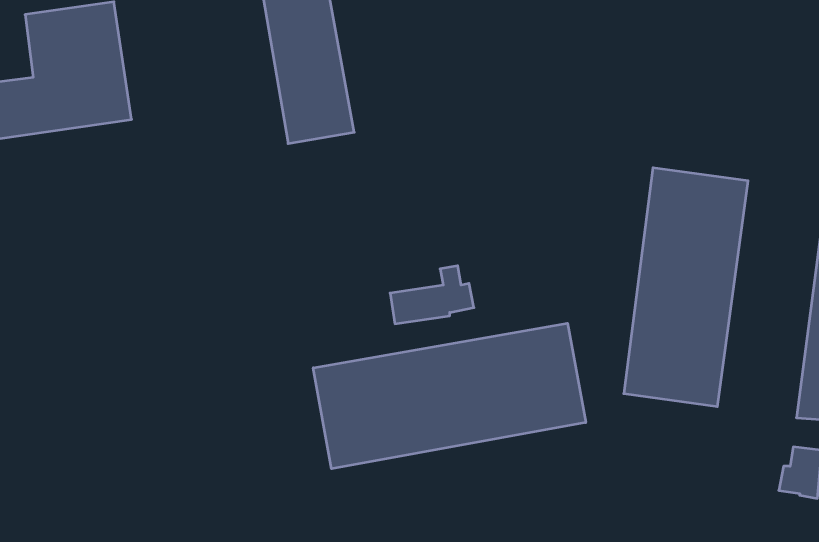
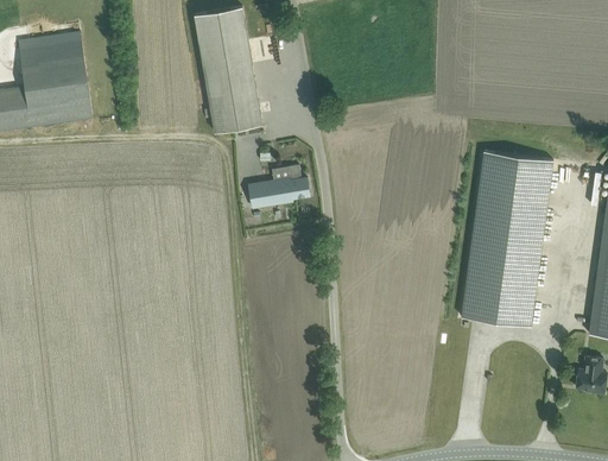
building: [390,266,474,324] -> [248,165,310,208]
building: [313,323,586,469] -> none

